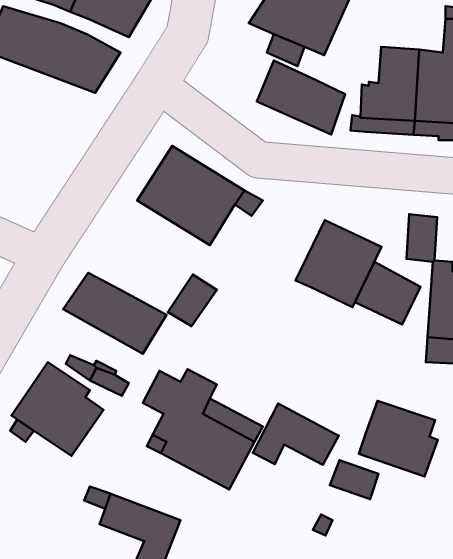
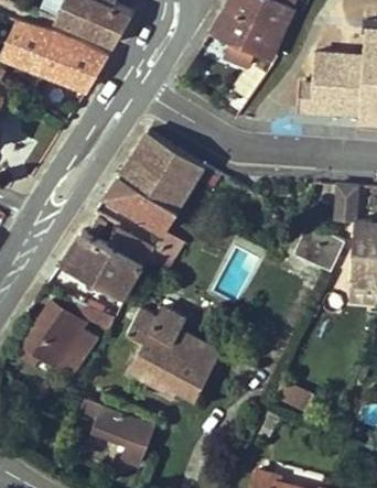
building: [257,61,345,135] -> none
building: none -> [99,175,179,229]
building: [296,220,382,307] -> none
building: [359,401,438,477] -> none
building: [253,403,339,465] -> none

